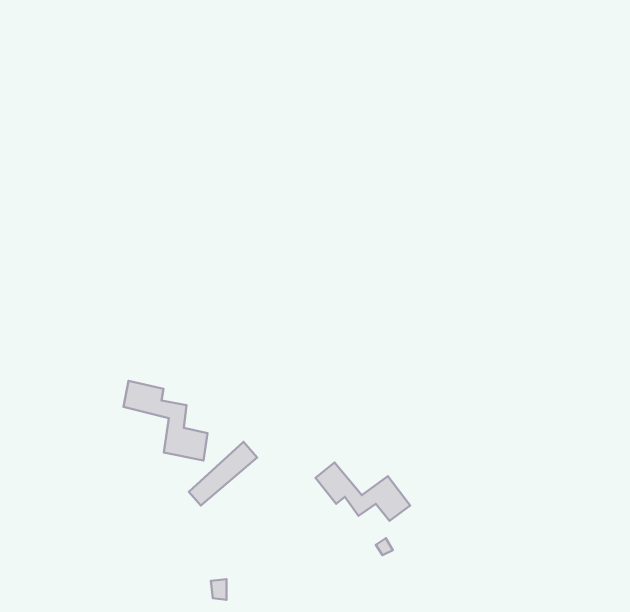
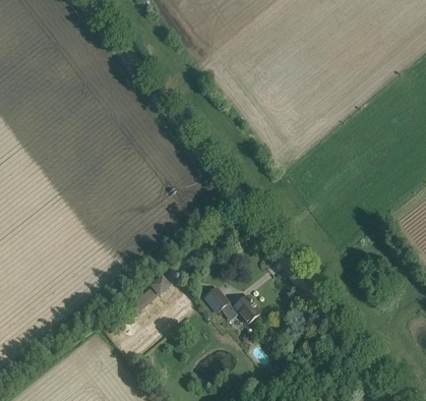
building: [123,381,207,461] -> none

